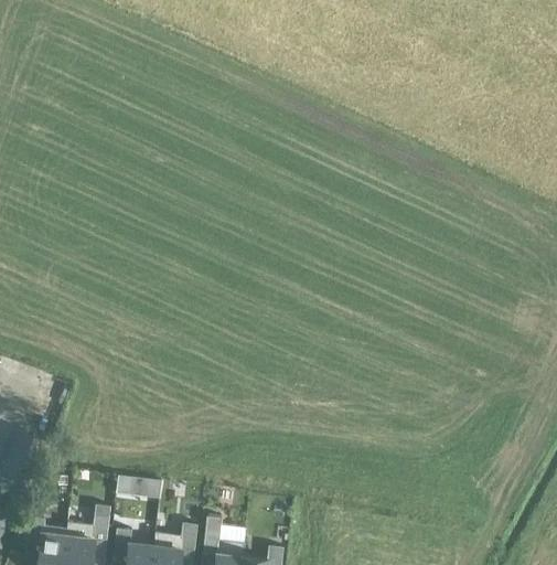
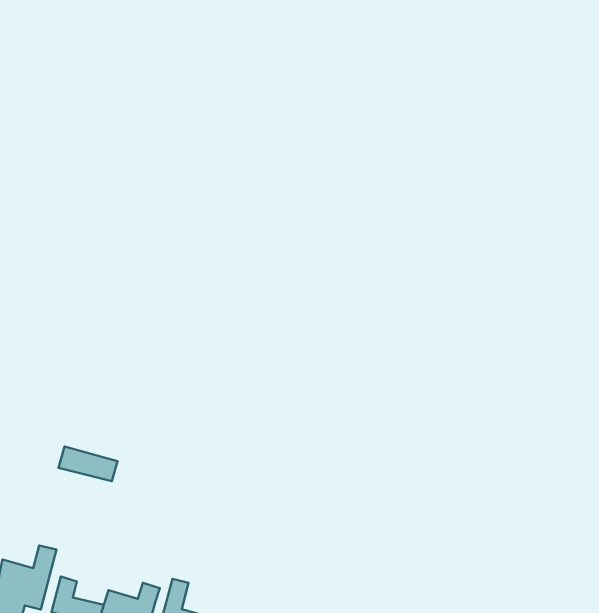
building: [118,478,164,500] -> [59,447,117,481]

